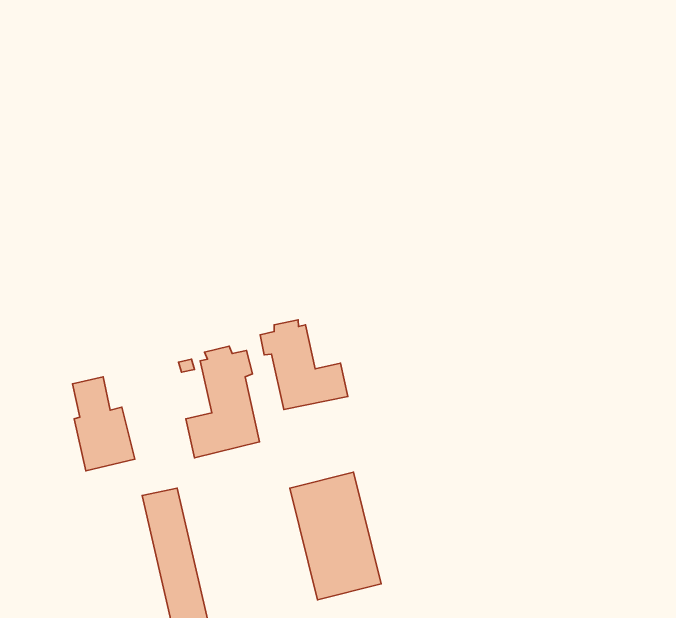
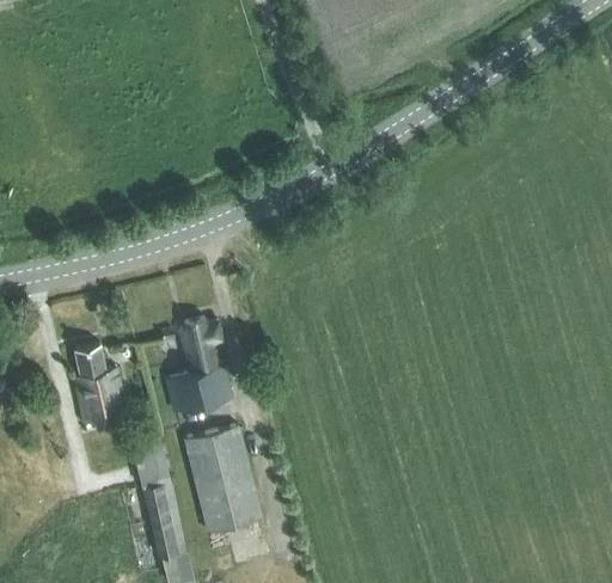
building: [260,320,348,409] -> none
building: [290,472,381,600] -> [185,429,261,534]

